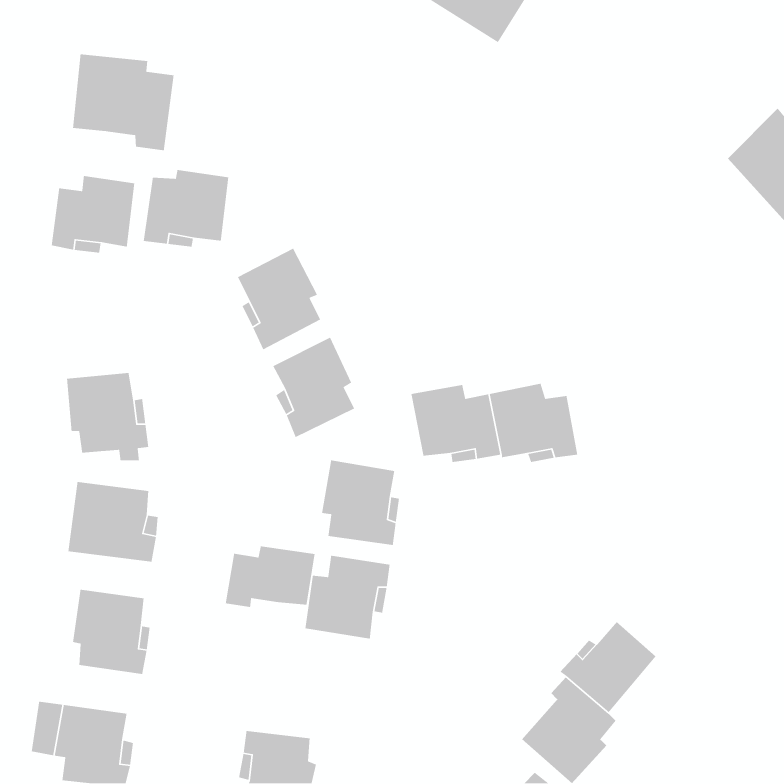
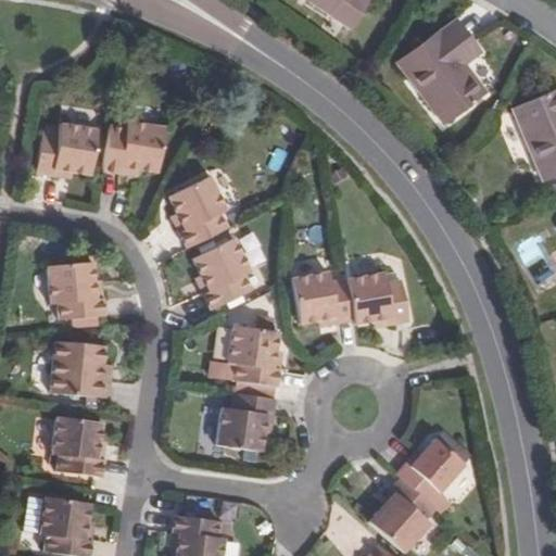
building: none -> [401,21,488,125]
building: [72,53,174,151] -> none
building: [225,545,316,608] -> none

